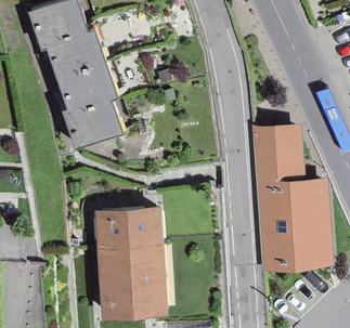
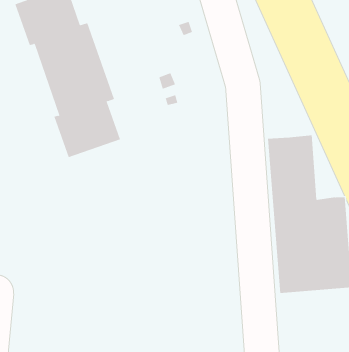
building: [101,212,161,307] -> none

